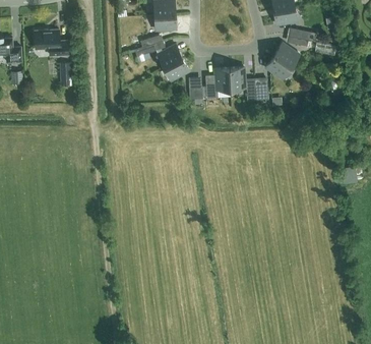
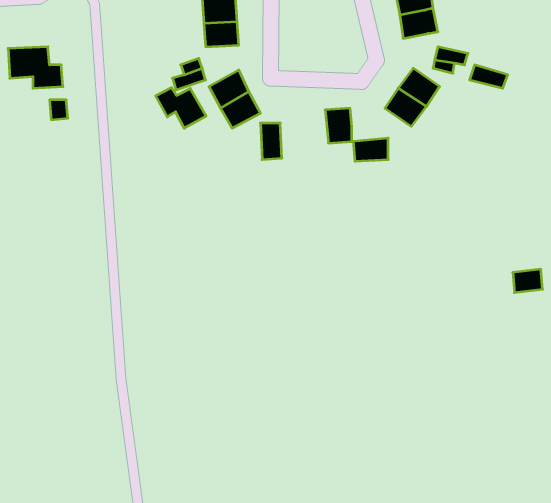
building: none -> [156,88,206,128]
building: [201,68,230,97] -> none

